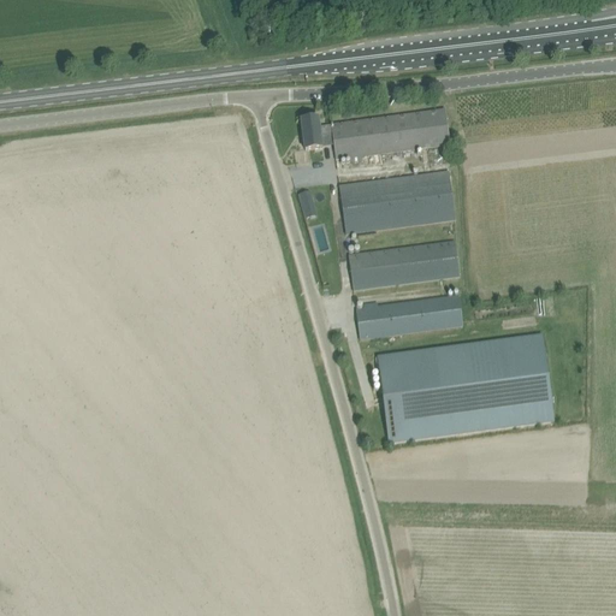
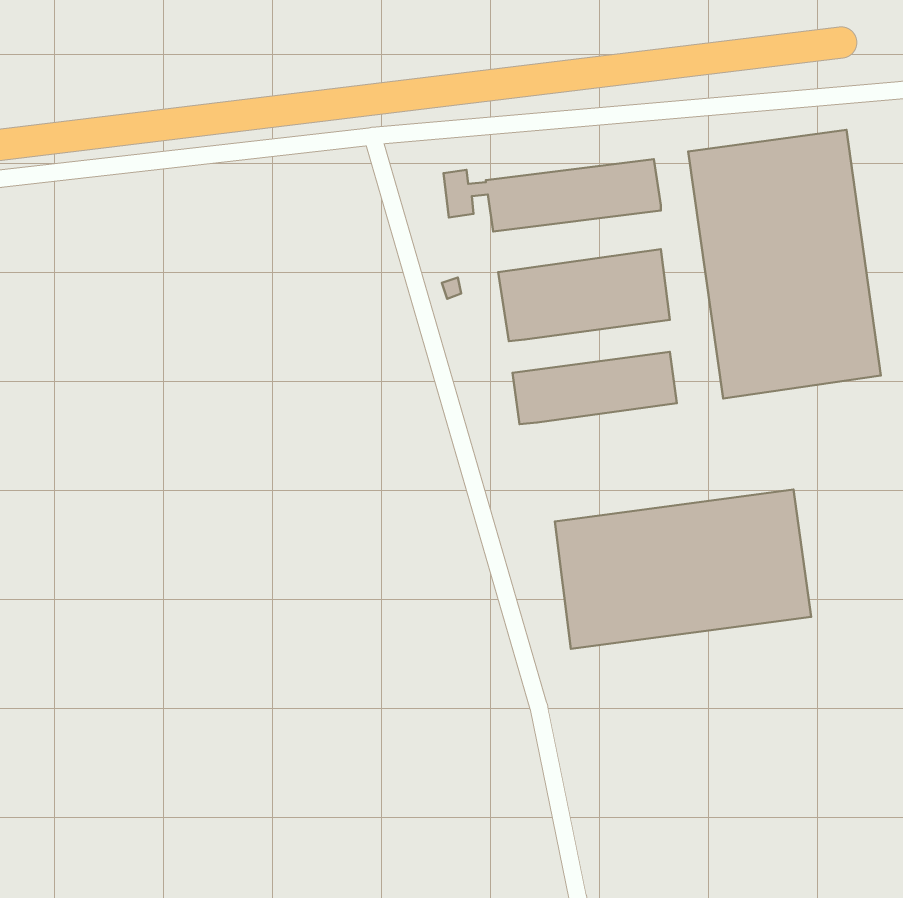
building: none -> [688,130,881,399]
building: [356,294,463,338] -> none

